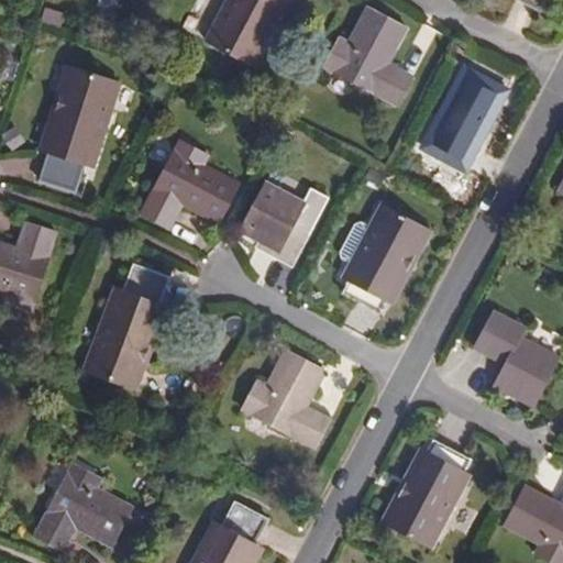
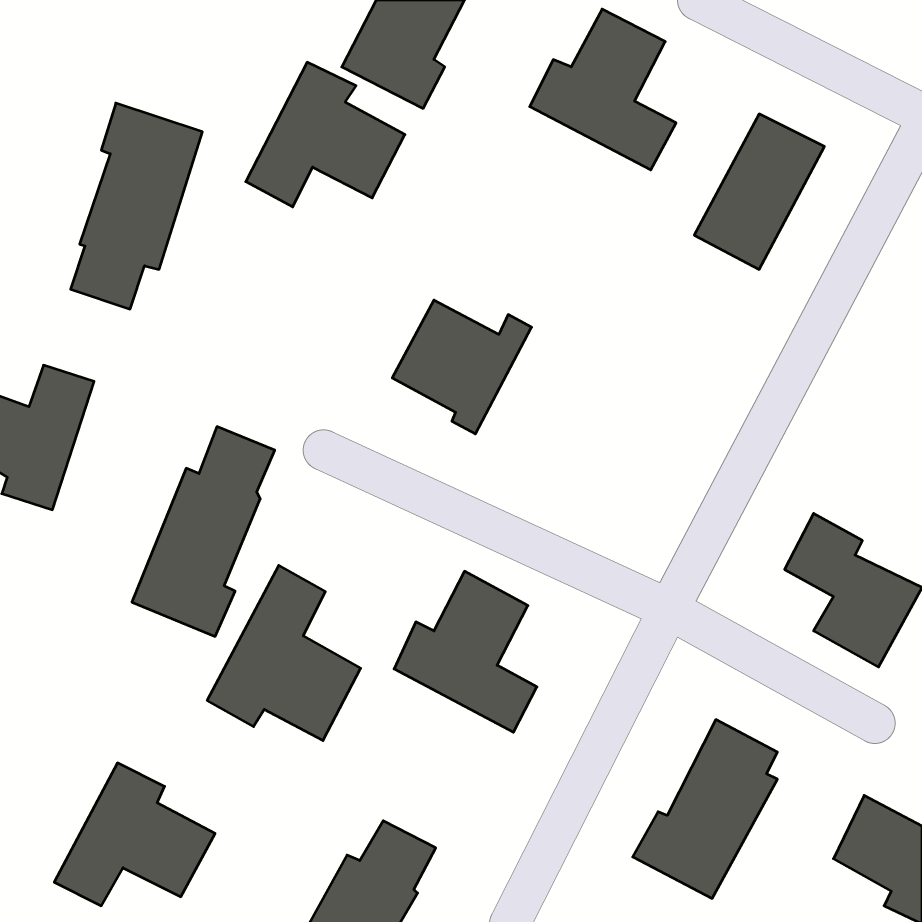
building: [142,139,239,227] -> [246,62,405,207]
building: [339,203,428,311] -> none
building: none -> [207,565,361,741]

